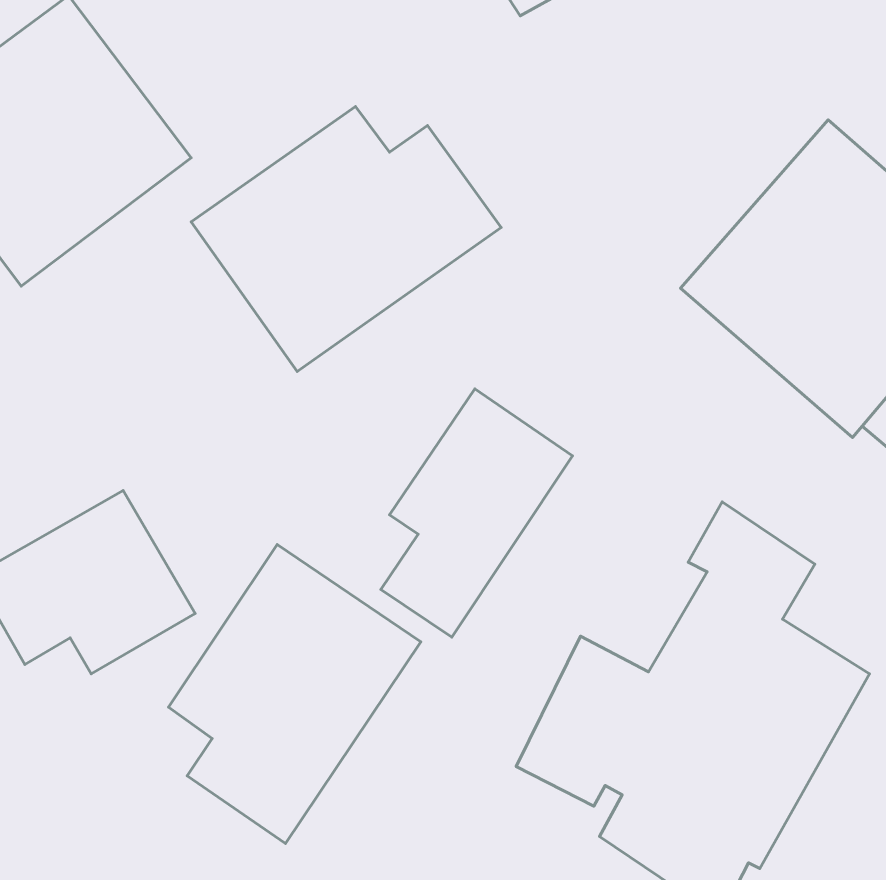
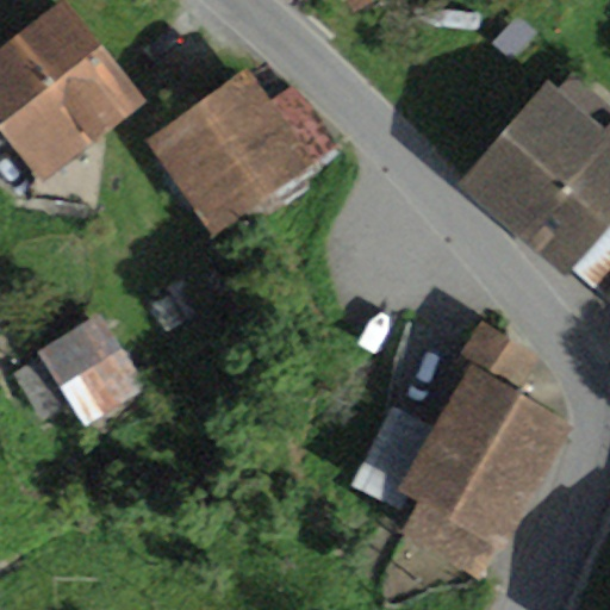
building: [381,389,573,637] -> none
building: [169,545,421,844] -> none

